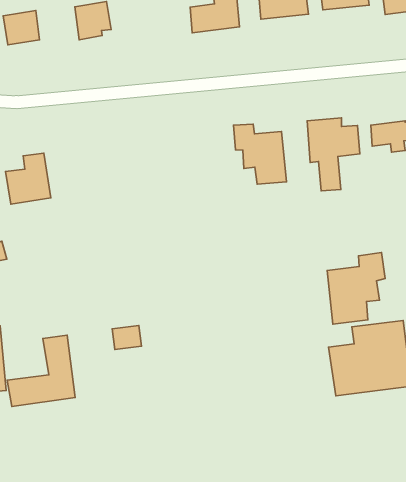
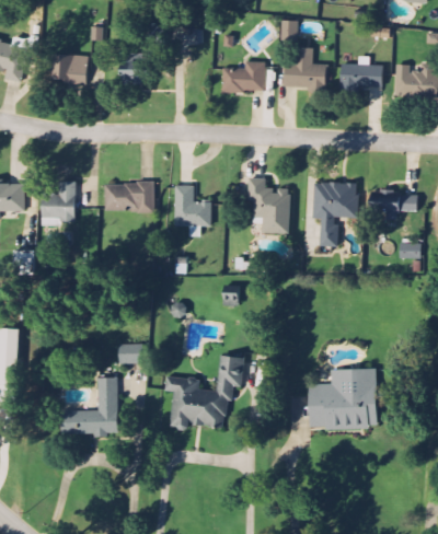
building: none -> [174,185,211,225]
building: none -> [104,182,154,212]
building: [327,252,385,324] -> none
building: none -> [164,355,244,429]
building: [7,335,75,407] -> [60,378,118,434]

